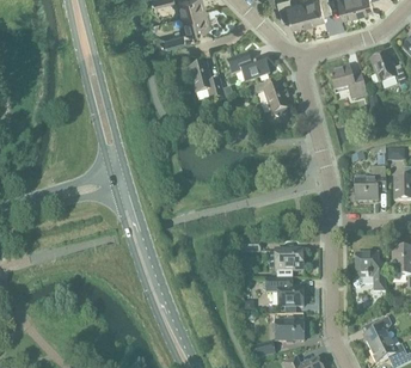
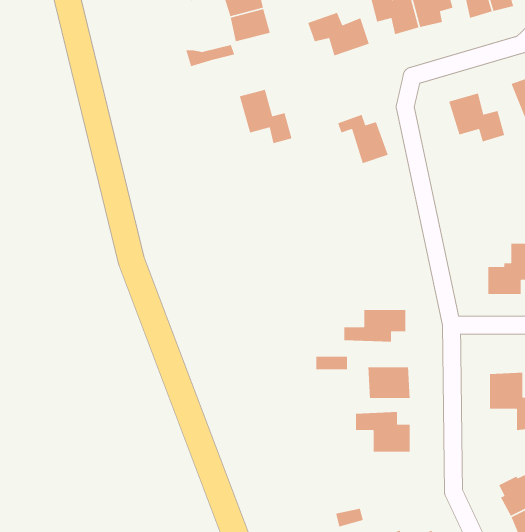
building: [227,51,269,81] -> [307,12,370,57]
building: none -> [343,309,406,342]
building: [275,319,303,339] -> none

